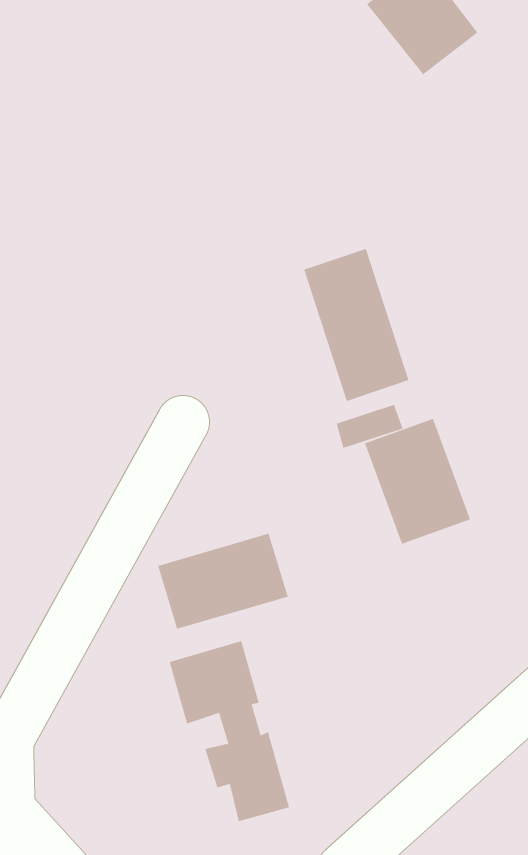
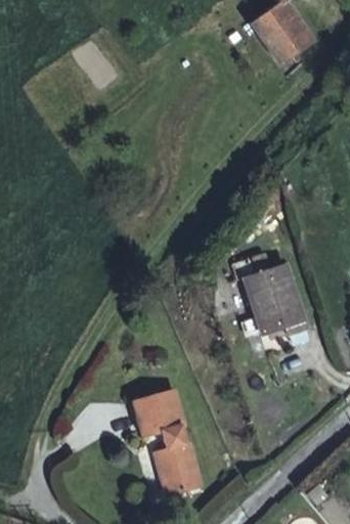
building: [304,248,409,402] -> none
building: [158,533,288,630] -> none

